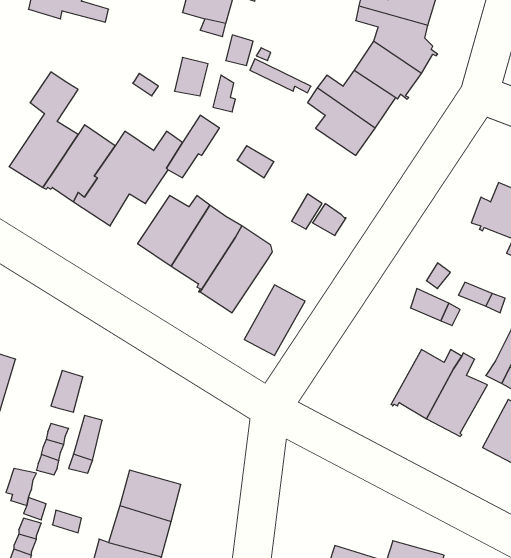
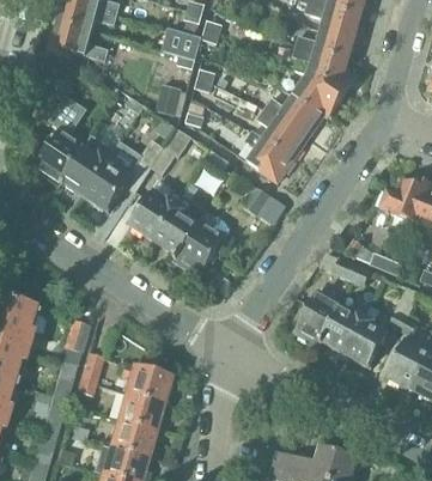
building: none -> [244,132,292,183]
building: [244,285,305,356] -> [296,292,341,345]
building: none -> [121,365,170,404]

